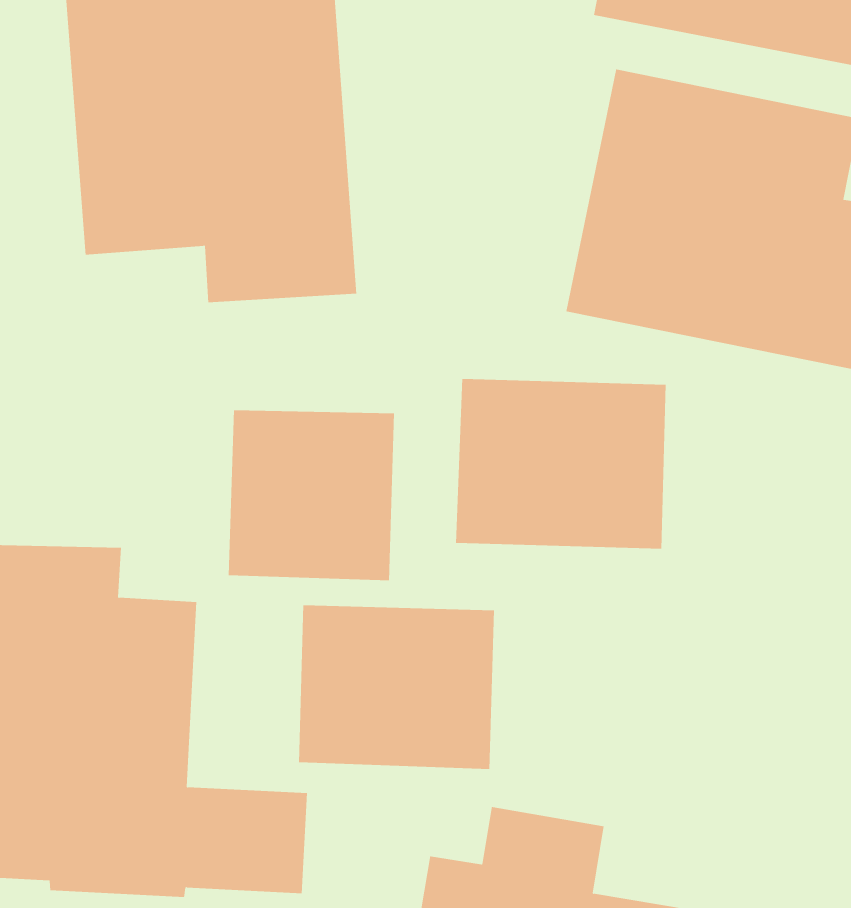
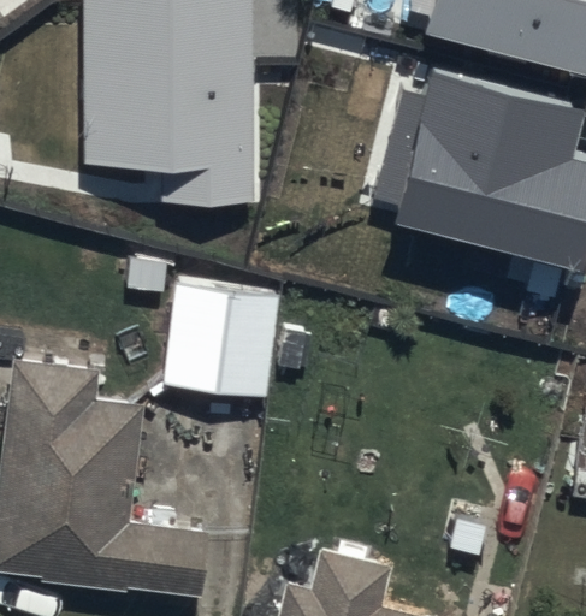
building: [455,378,666,550] -> none
building: [298,605,495,770] -> none

